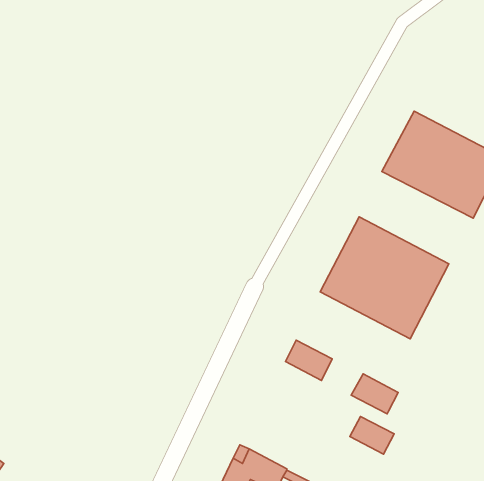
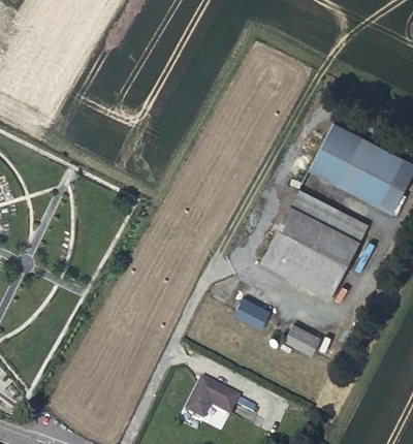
building: none -> [291,190,369,241]
building: [350,416,394,454] -> none

